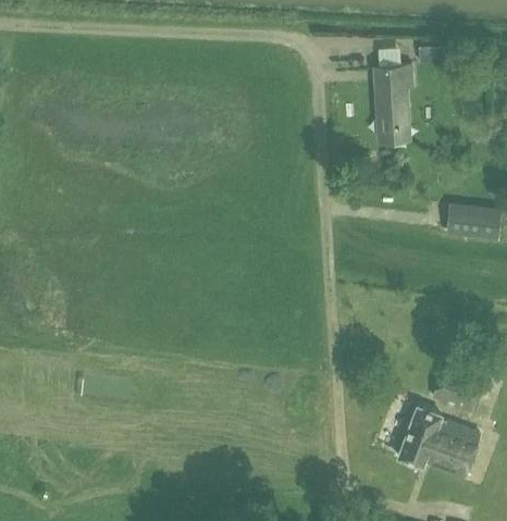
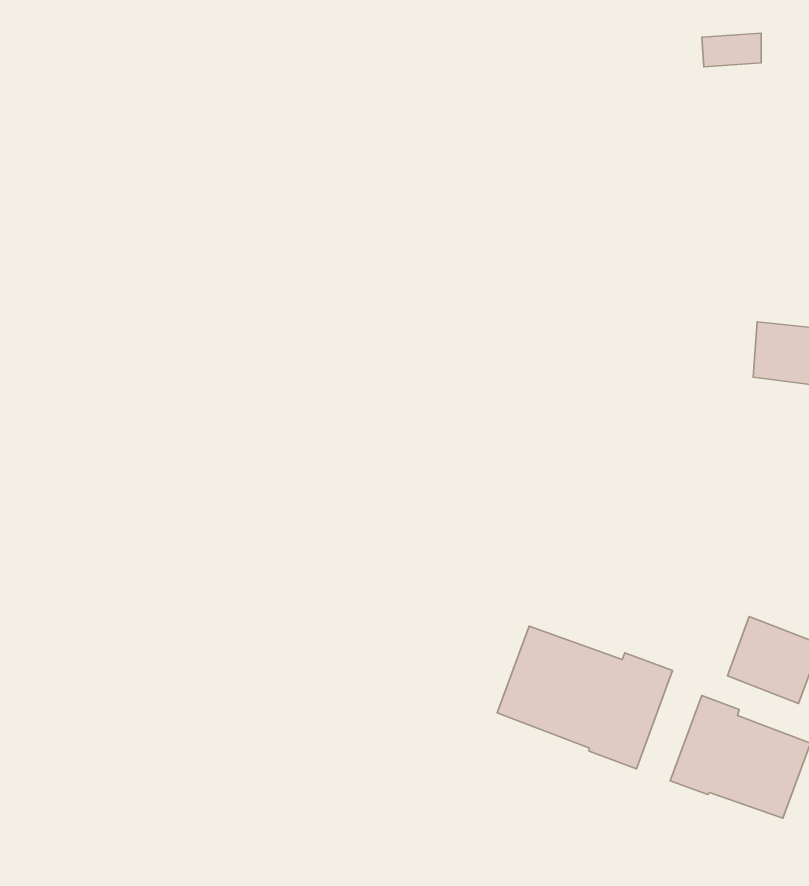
building: [373,64,411,141] -> none
building: none -> [497,626,672,769]

